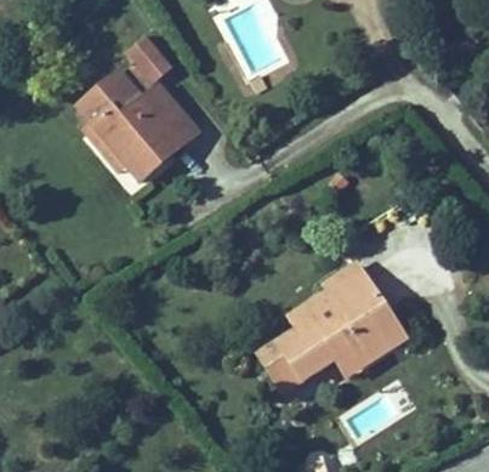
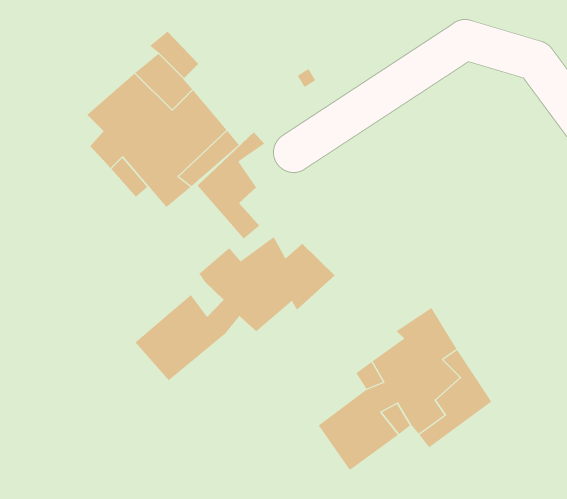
building: none -> [197,132,265,239]
building: none -> [135,236,336,381]

